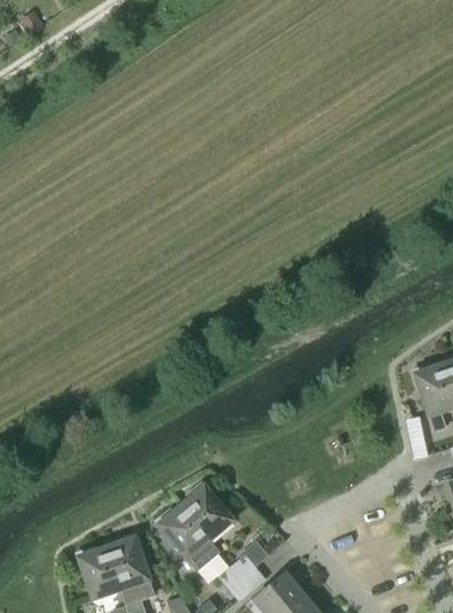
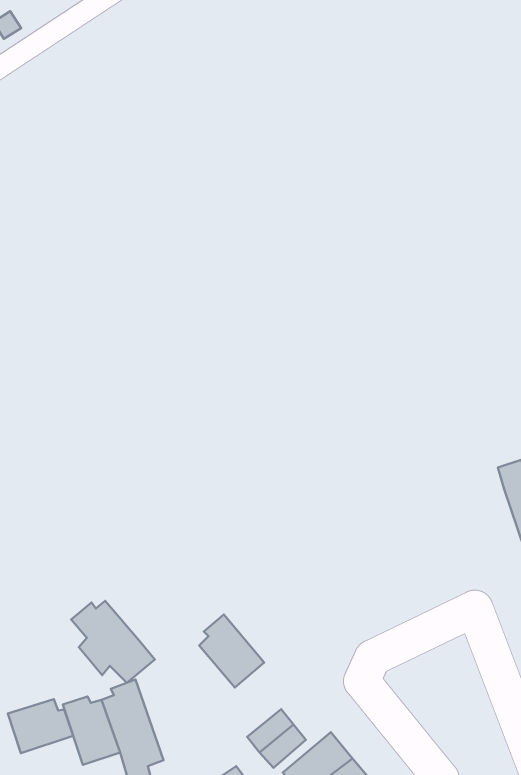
building: [156,508,221,571] -> [71,601,155,683]
building: none -> [8,699,73,753]

